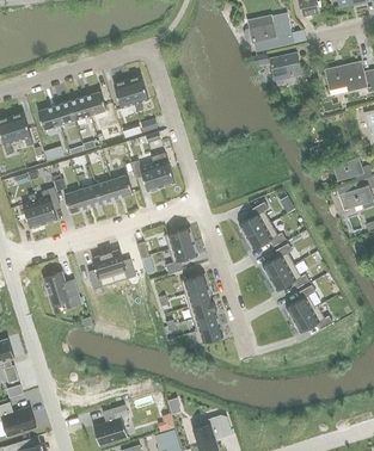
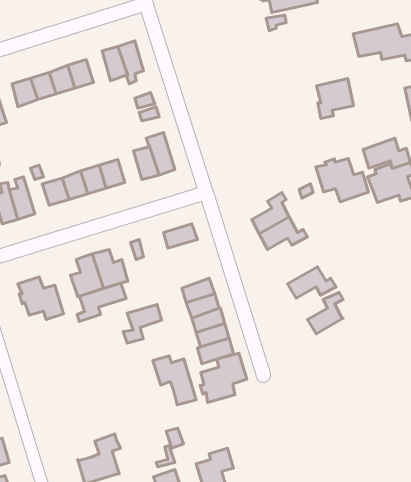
building: [270,52,301,86] -> [316,79,354,119]
building: none -> [316,158,369,202]
building: [165,241,197,273] -> [123,305,162,343]
building: [262,243,294,278] -> none
building: none -> [77,283,126,322]
building: [293,305,332,332] -> none
building: none -> [200,353,247,403]
building: none -> [153,356,196,405]

